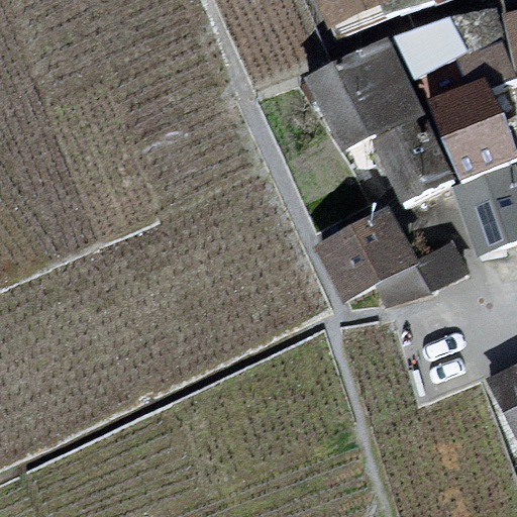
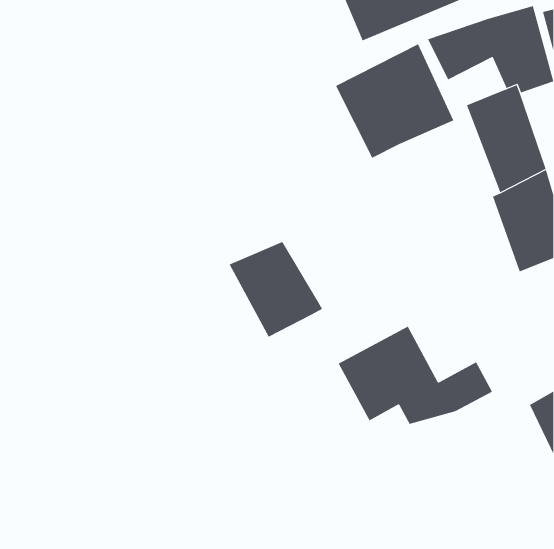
building: [373,112,454,204] -> none
building: [322,208,467,300] -> [338,326,493,424]
building: none -> [229,241,323,338]

